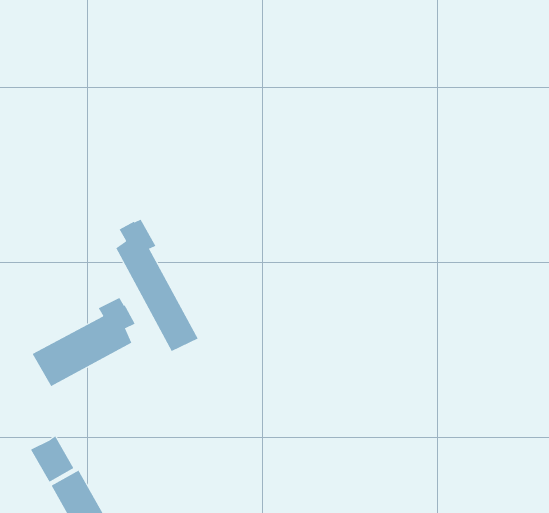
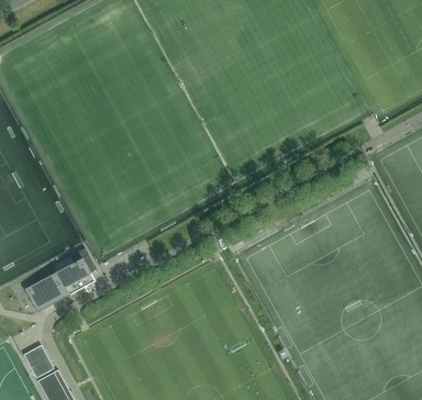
building: [116,219,198,352] -> none

